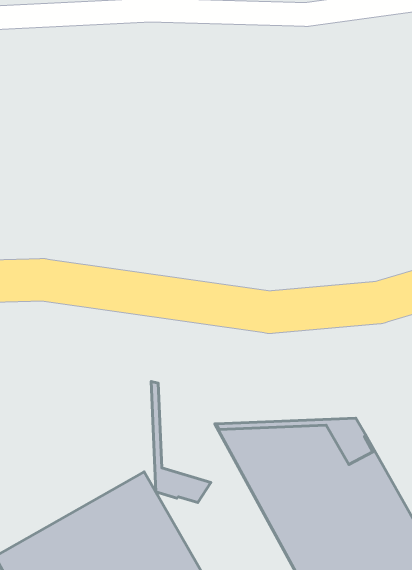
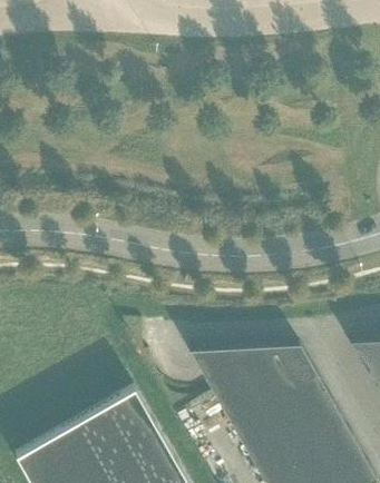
building: [151,381,211,502] -> none

